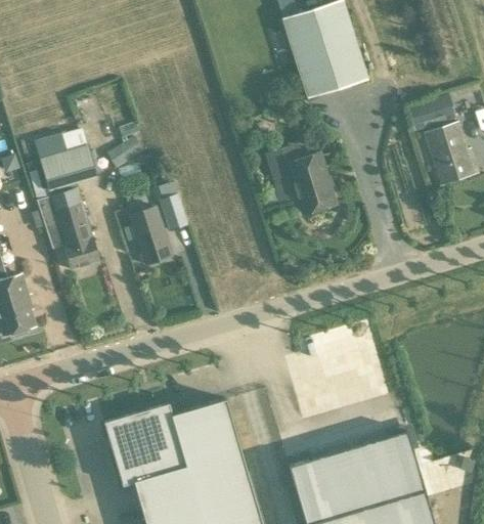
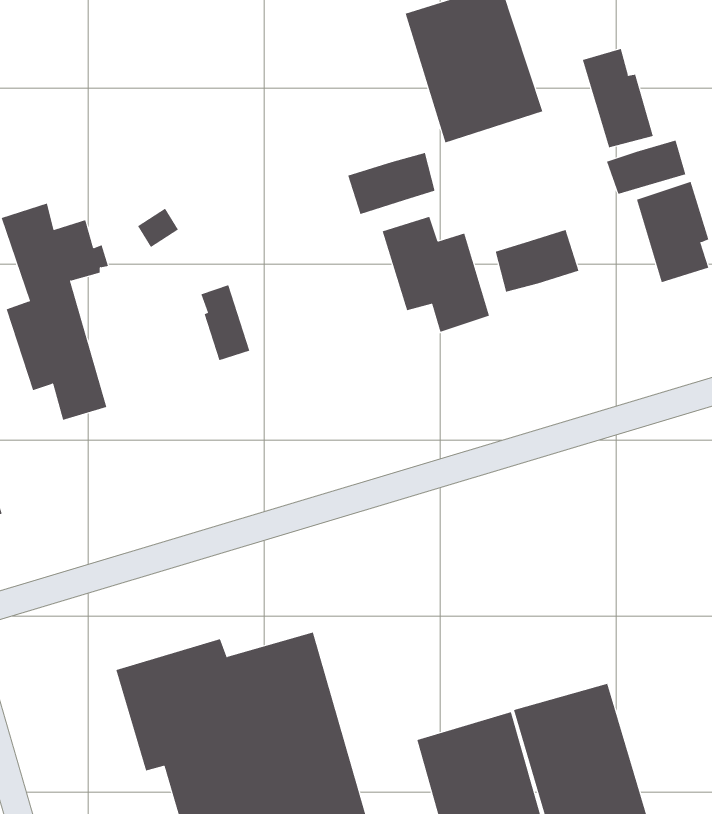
building: none -> [582,48,654,148]
building: none -> [347,152,435,215]
building: none -> [495,229,579,293]
building: [129,207,173,265] -> none

